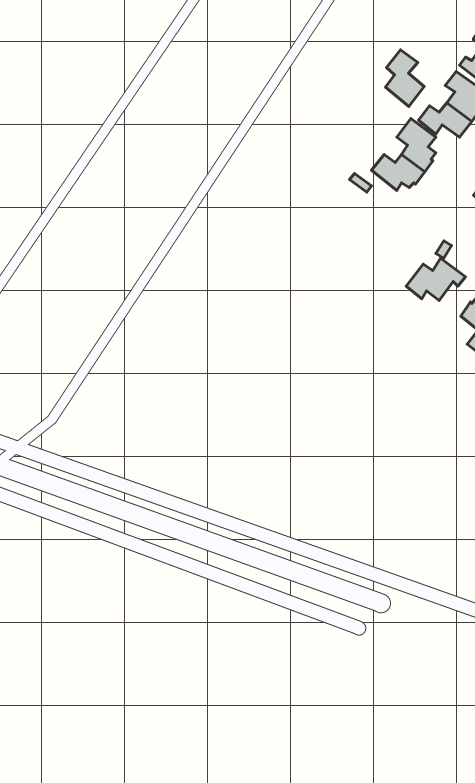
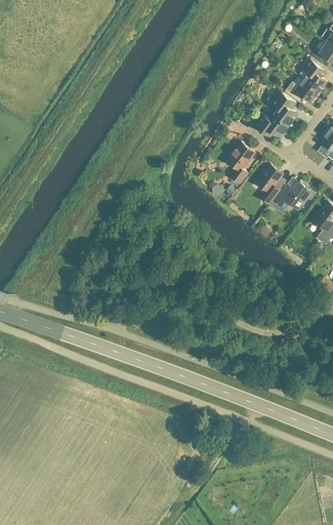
building: [385,50,424,106] -> none
building: none -> [226,140,253,183]
building: none -> [255,163,282,203]

